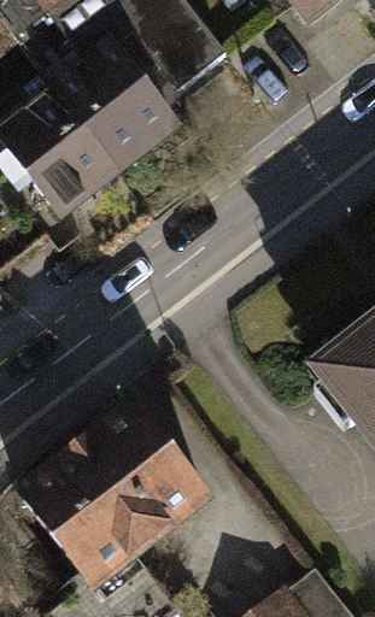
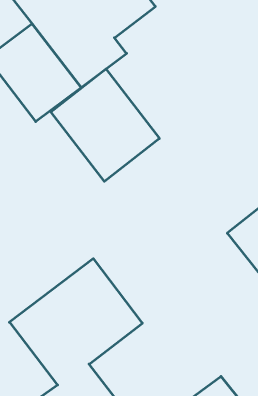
building: none -> [51,69,159,181]

